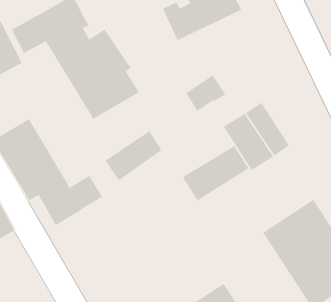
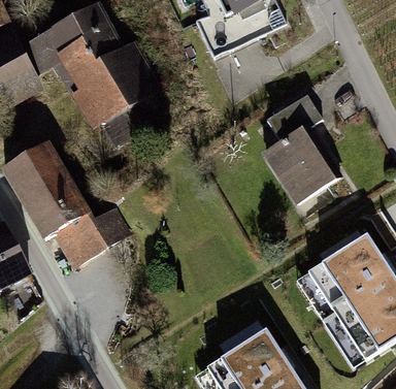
building: [185,74,226,112] -> [273,94,320,136]
building: [105,130,162,181] -> none
building: [182,145,250,202] -> none

